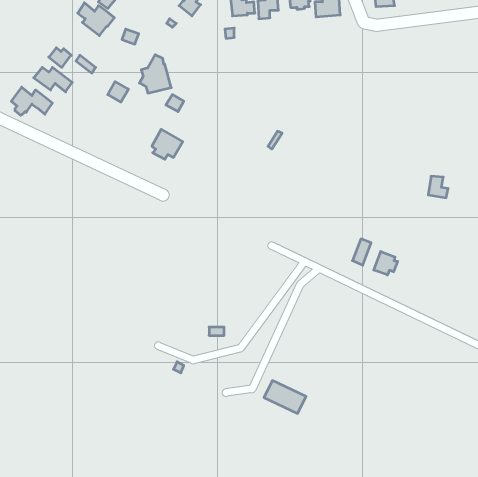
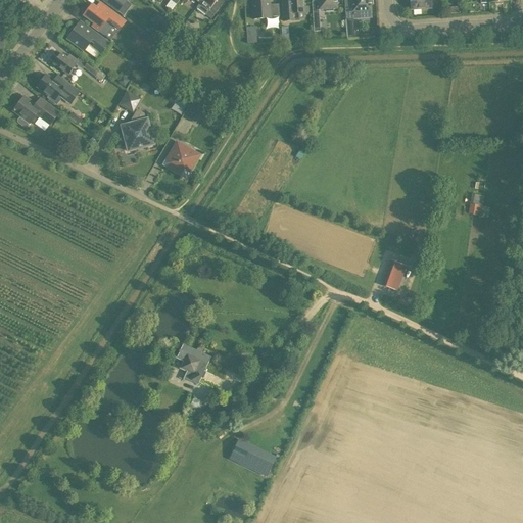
building: none -> [67,26,108,53]
building: [139,55,171,93] -> [118,108,153,150]
building: [374,251,398,275] -> none
building: none -> [176,342,210,383]
building: [264,381,306,413] -> [229,438,275,474]

